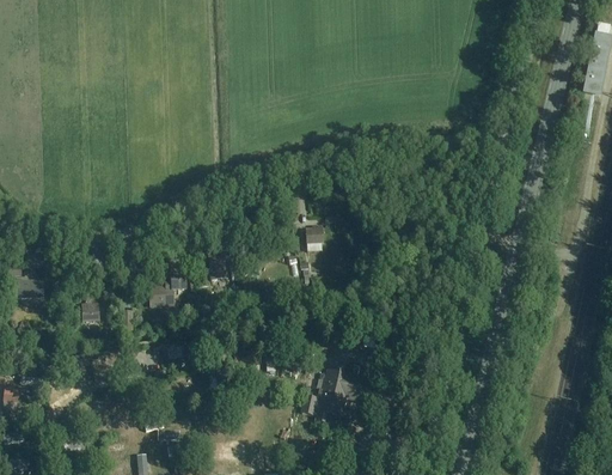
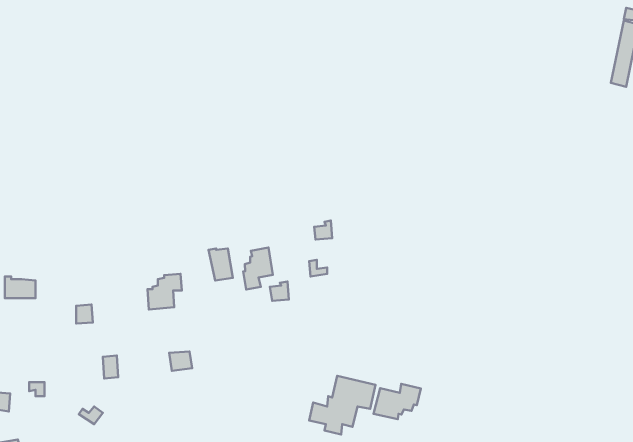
building: none -> [243,248,273,289]
building: none -> [373,384,421,419]

